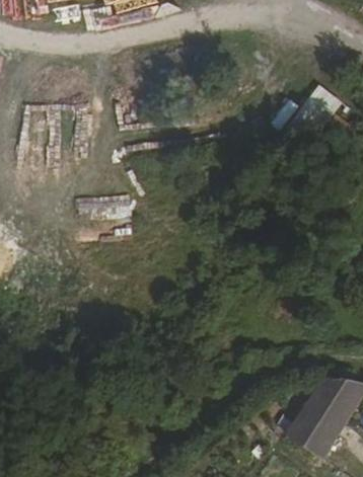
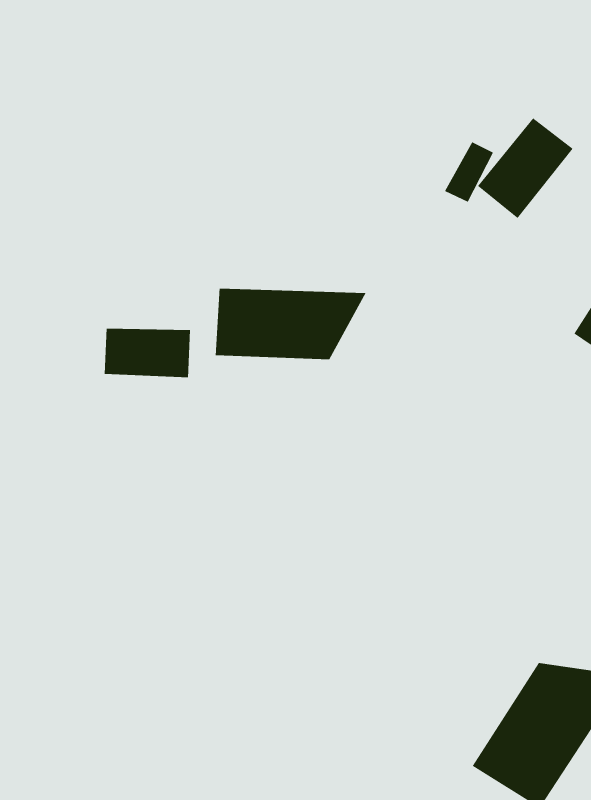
building: none -> [215,288,366,360]

